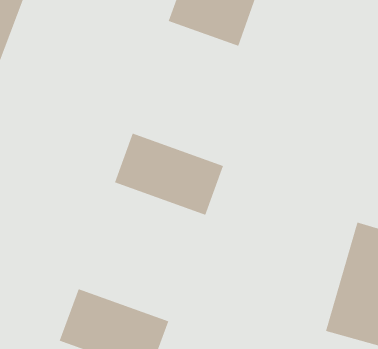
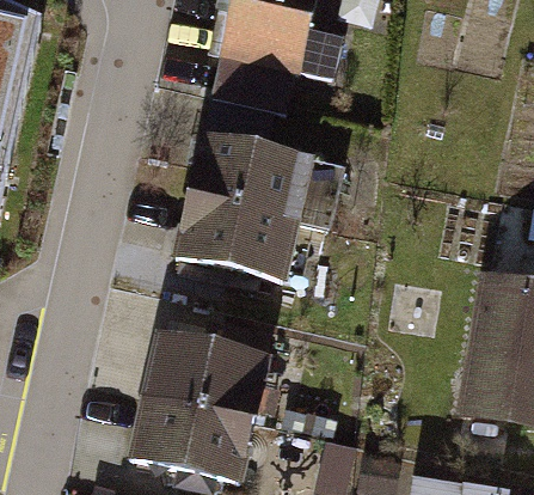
building: none -> [186,139,319,228]
building: none -> [145,340,275,427]

